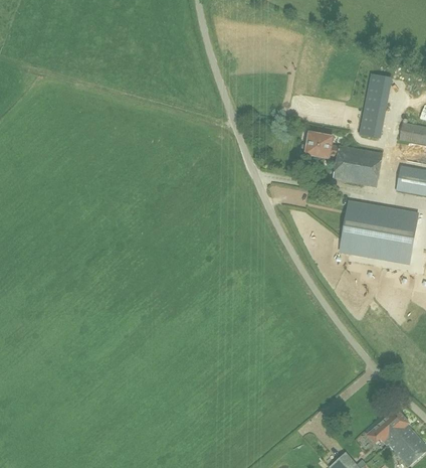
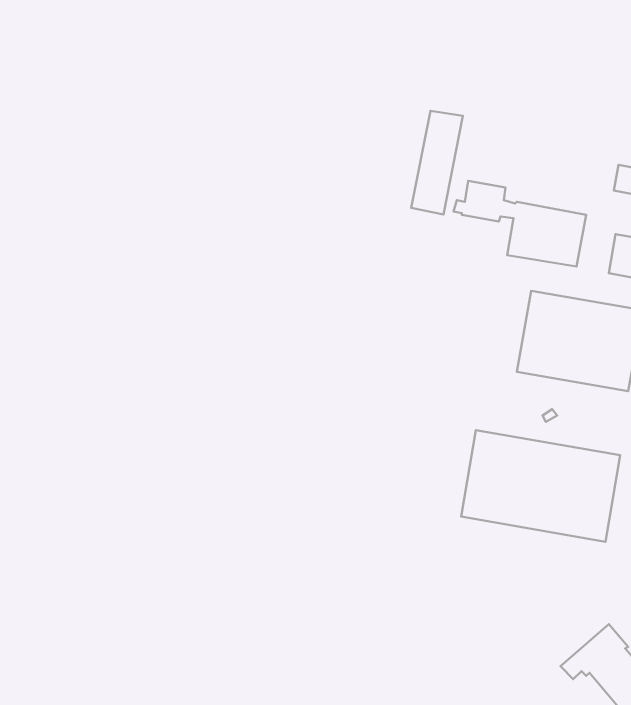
building: [358,73,390,138] -> [411,111,463,214]
building: none -> [461,430,620,542]

